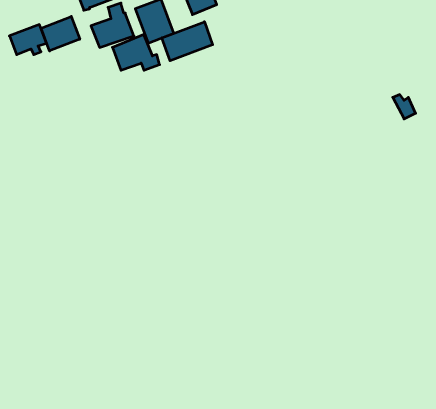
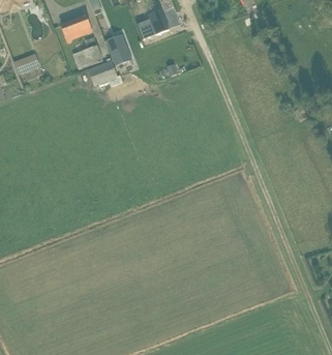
building: [41,16,80,51] -> none
building: [162,22,213,61] -> none

